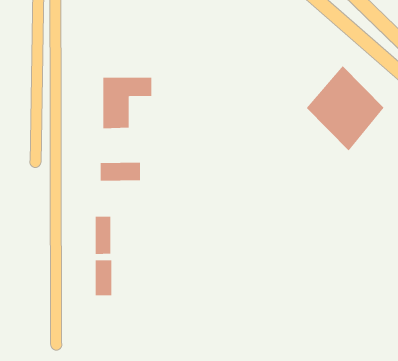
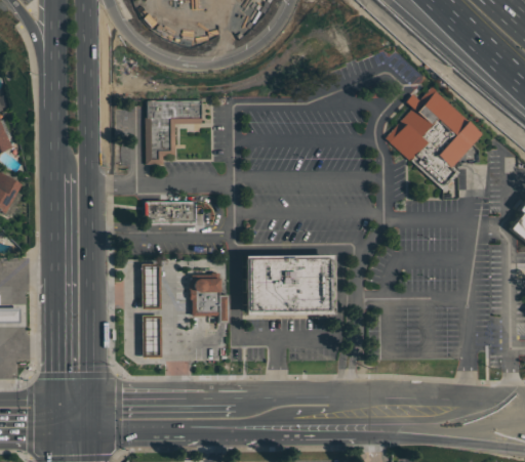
building: none -> [244,256,329,316]
building: none -> [187,272,226,319]

